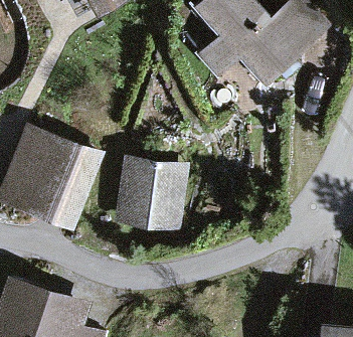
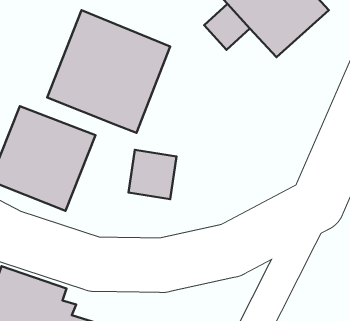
building: none -> [47,10,170,133]

